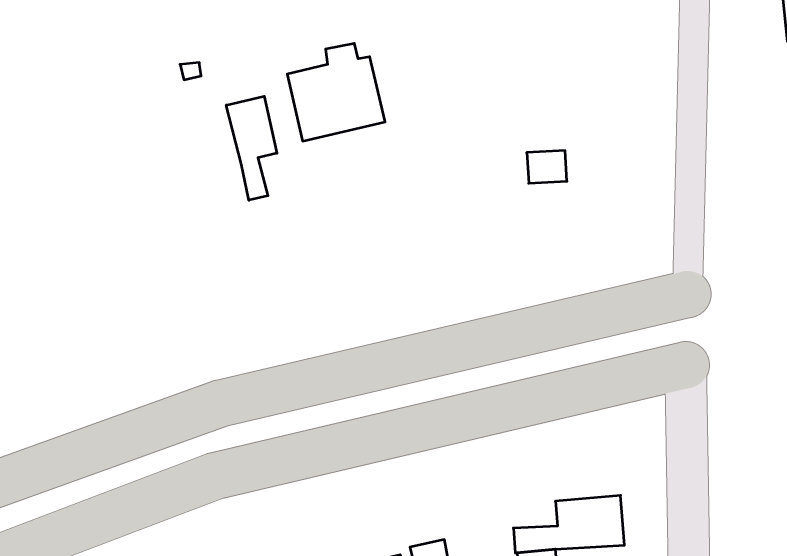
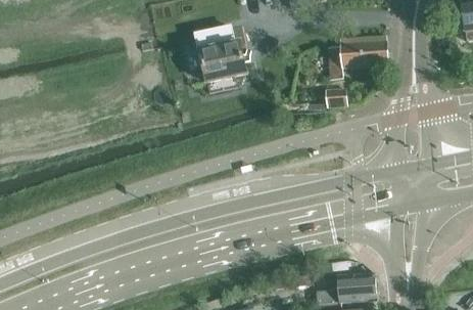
building: none -> [328,36,388,80]
building: [226,96,277,200] -> none

